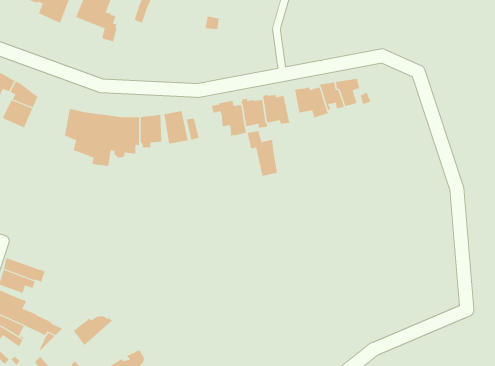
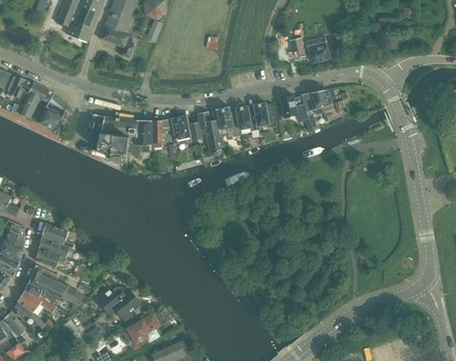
building: none -> [290,37,332,62]
building: [247,130,278,177] -> [198,111,224,149]
building: none -> [40,223,74,248]
building: none -> [106,290,140,323]

